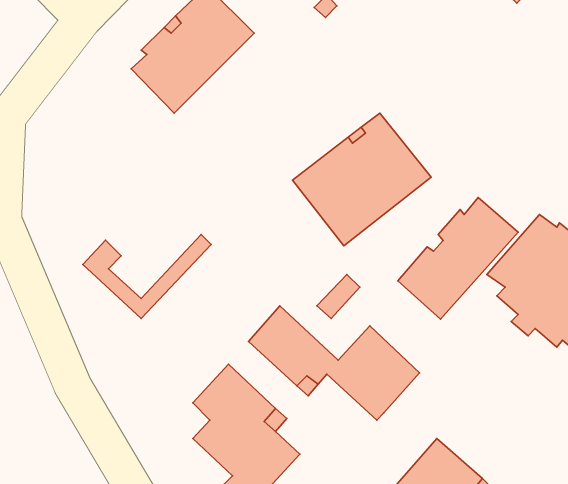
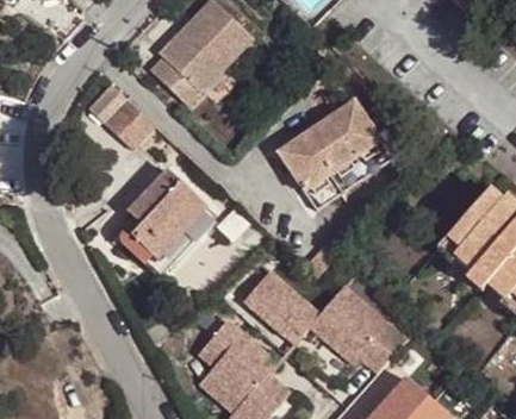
building: none -> [92,87,153,148]
building: none -> [125,169,205,259]
building: [398,198,518,319] -> none
building: none -> [358,321,406,371]

